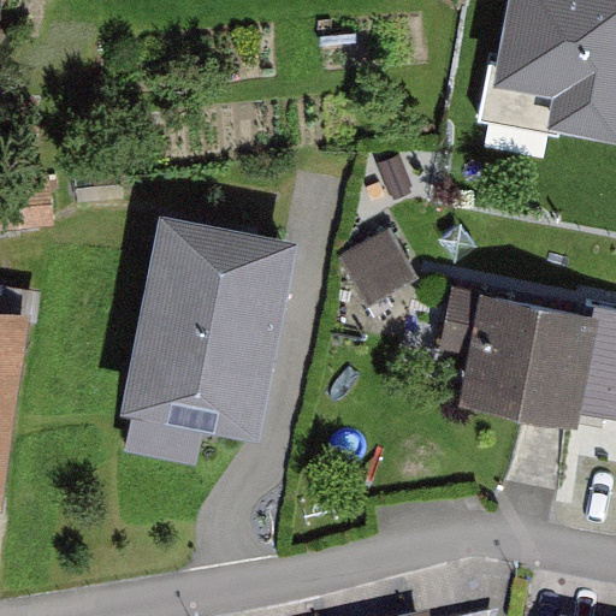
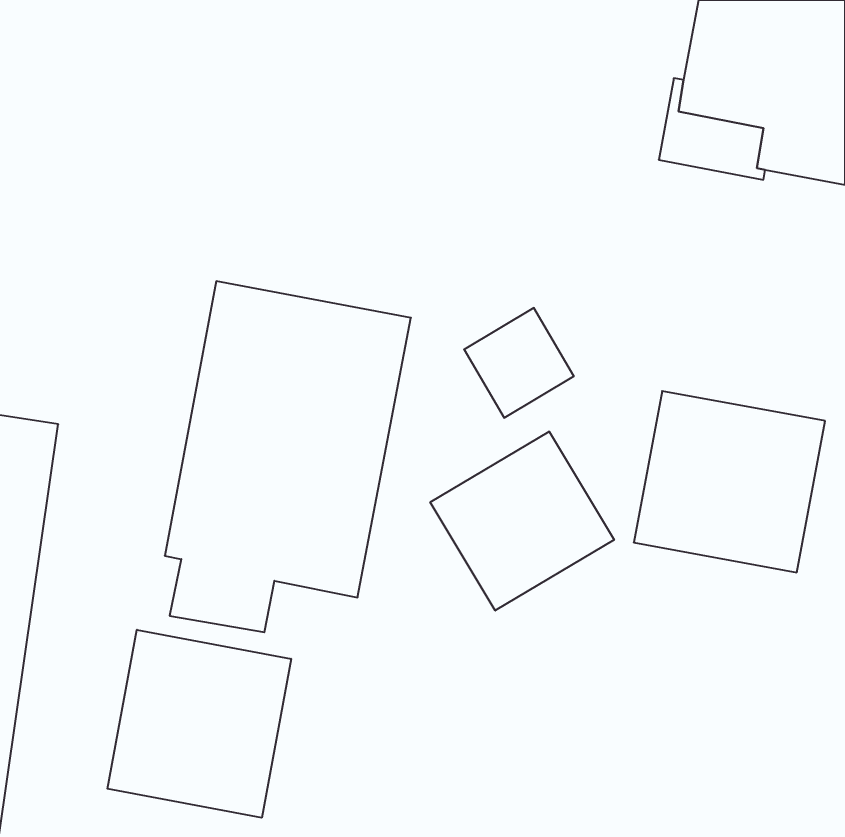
building: none -> [430,431,614,611]
building: none -> [107,630,291,818]

